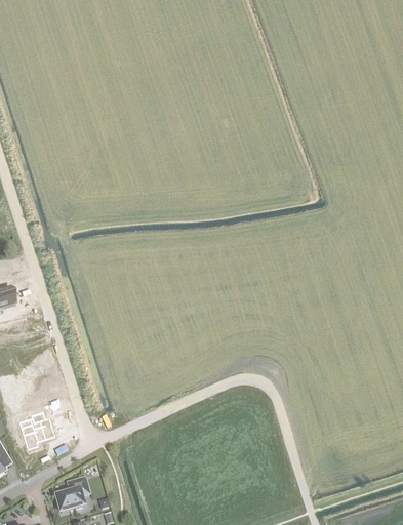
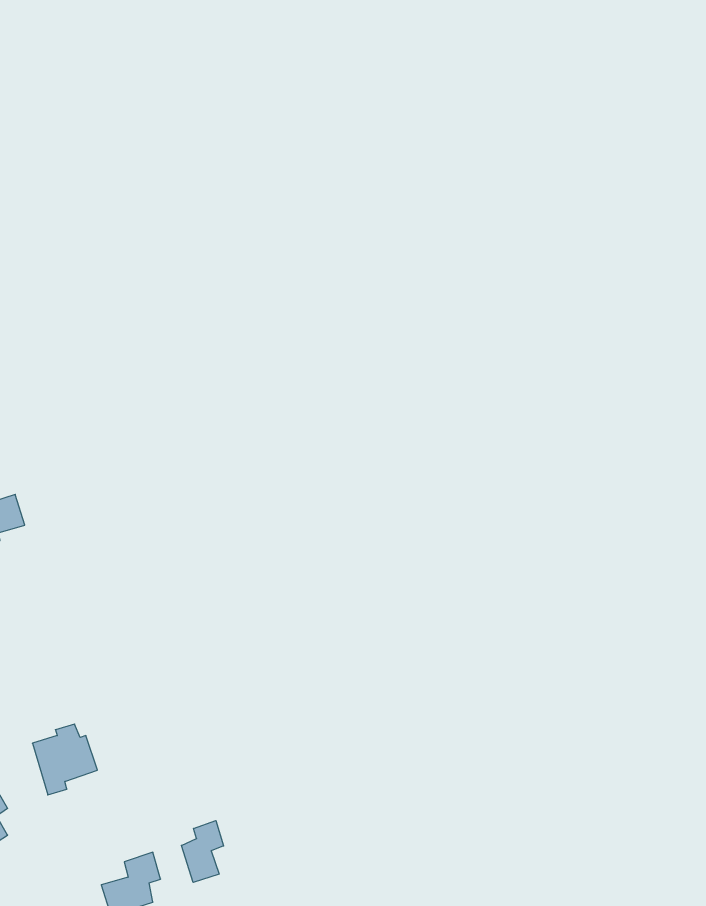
building: none -> [181,821,224,882]

